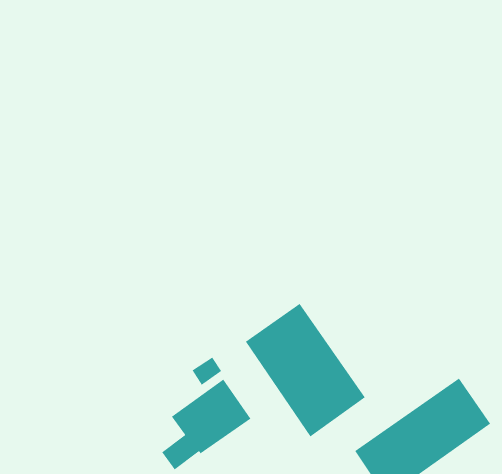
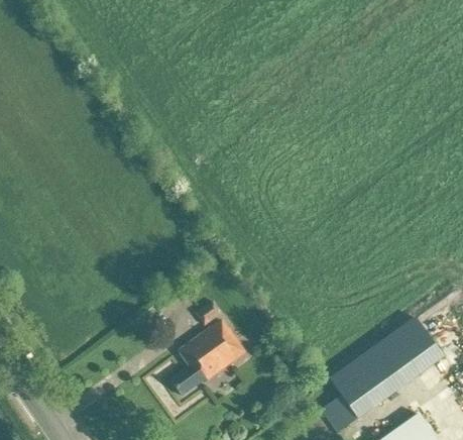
building: [245,303,366,437] -> none

